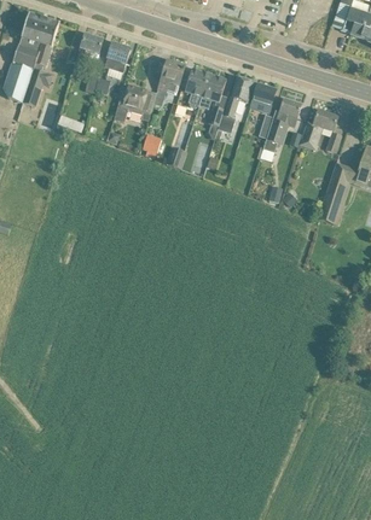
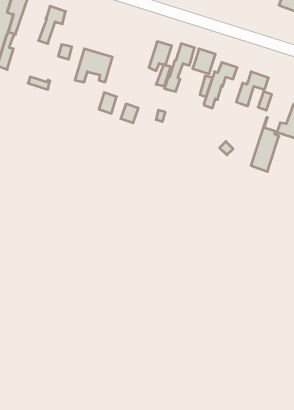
building: [103,42,129,78] -> none
building: [155,59,184,94] -> none
building: [184,68,208,106] -> none

